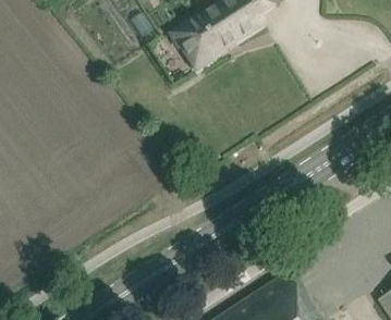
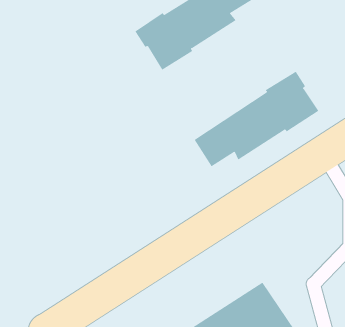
building: none -> [194,71,319,167]

